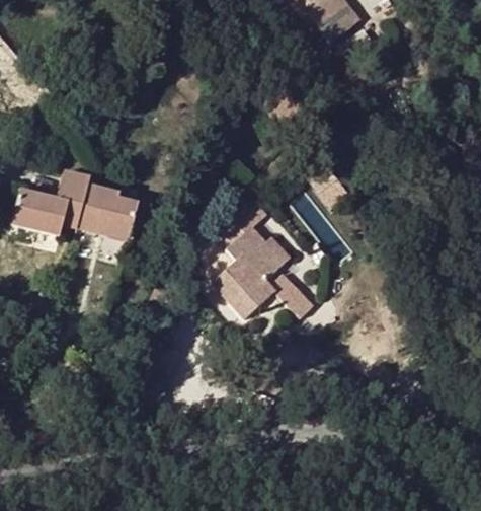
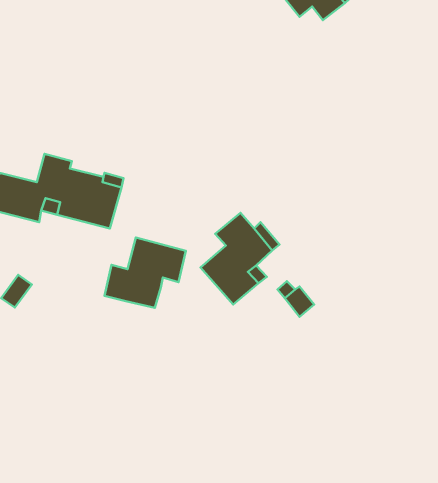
building: none -> [104,238,186,308]

